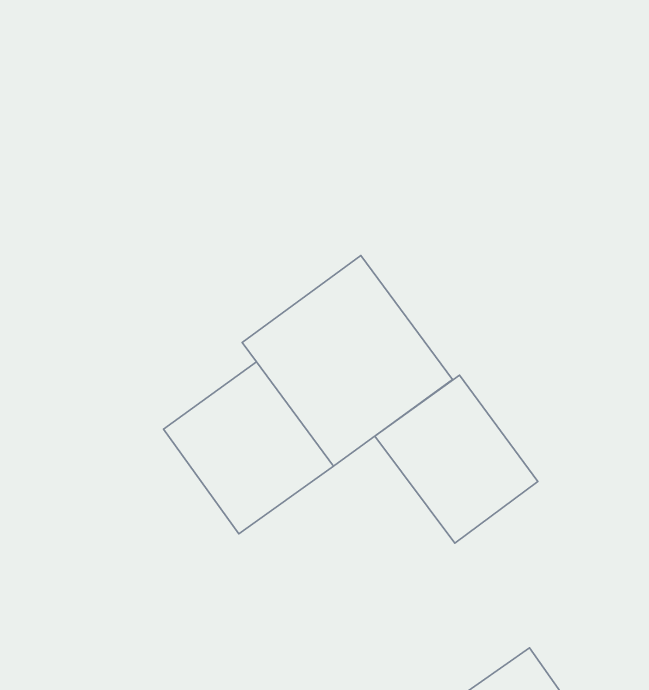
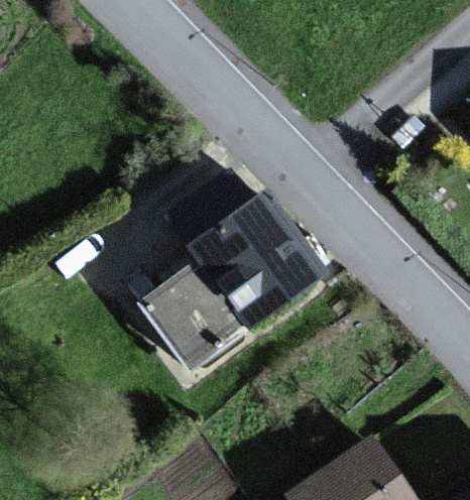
building: [375,375,538,543] -> none

